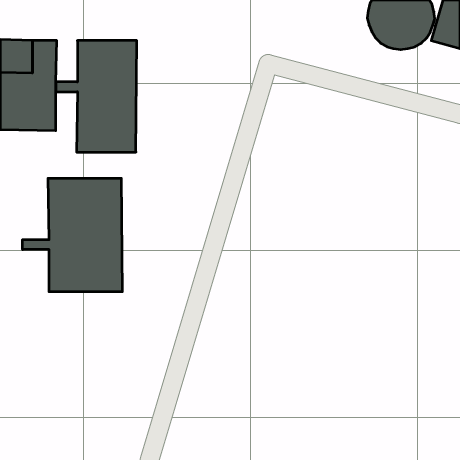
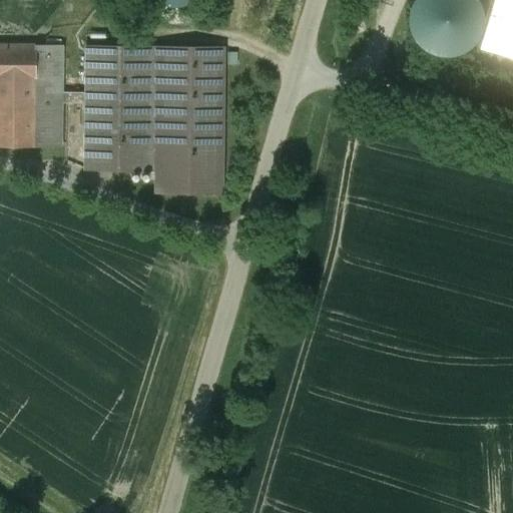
building: none -> [156,45,223,192]
building: [23,178,122,292] -> none

